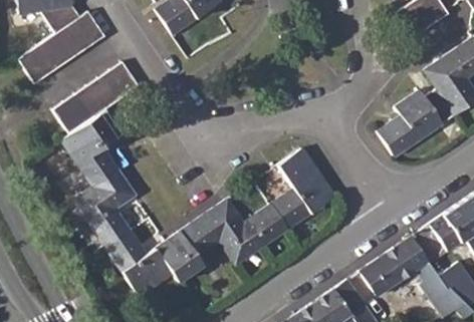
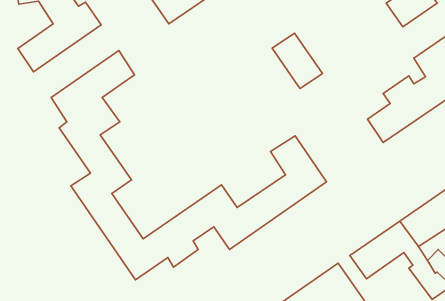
building: none -> [272,33,322,88]

